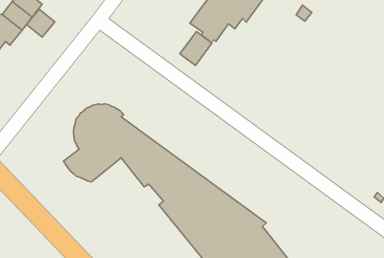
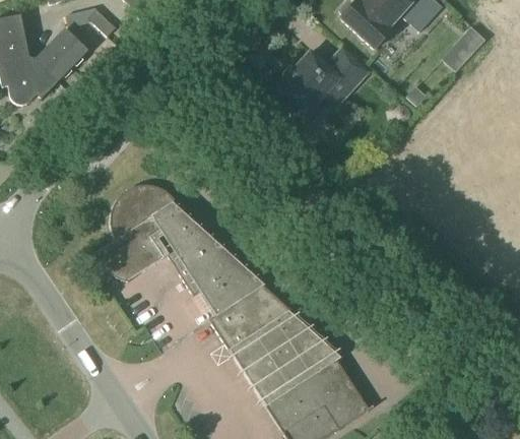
building: [27,9,55,37] -> none
building: [180,32,212,66] -> none

